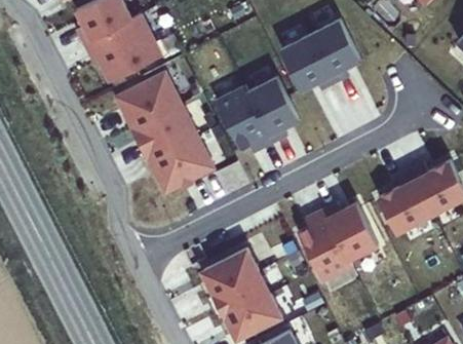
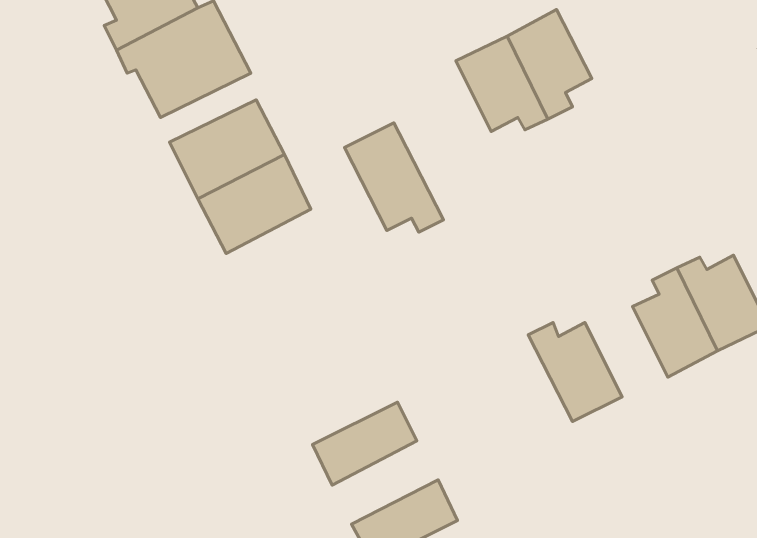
building: [248,78,299,143] -> none
building: [148,137,214,194] -> none
building: [298,209,352,281] -> none
building: [209,271,271,319] -> none

